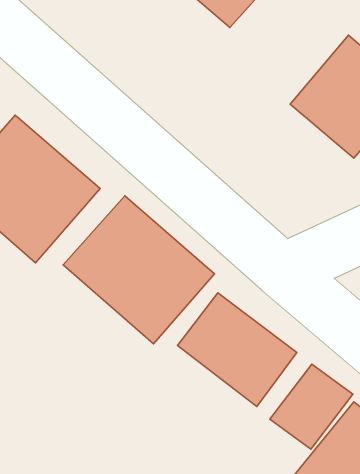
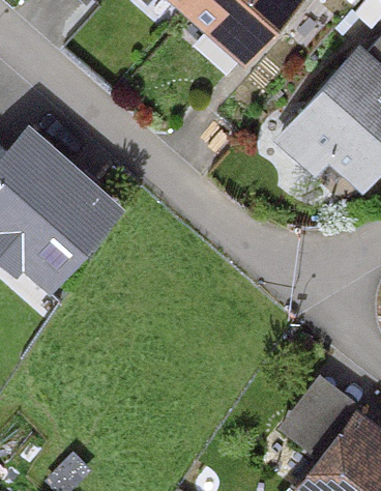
building: [63,196,215,344] -> none
building: [177,293,297,407] -> none

